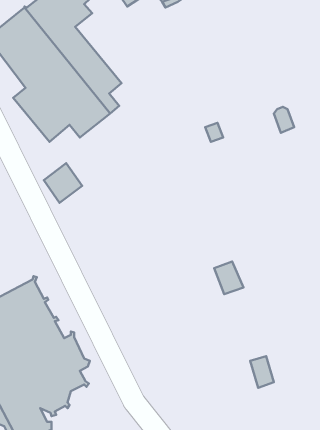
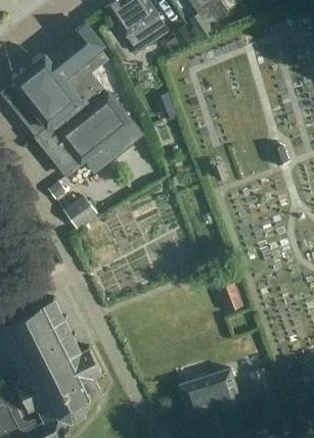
building: none -> [179,369,241,417]

